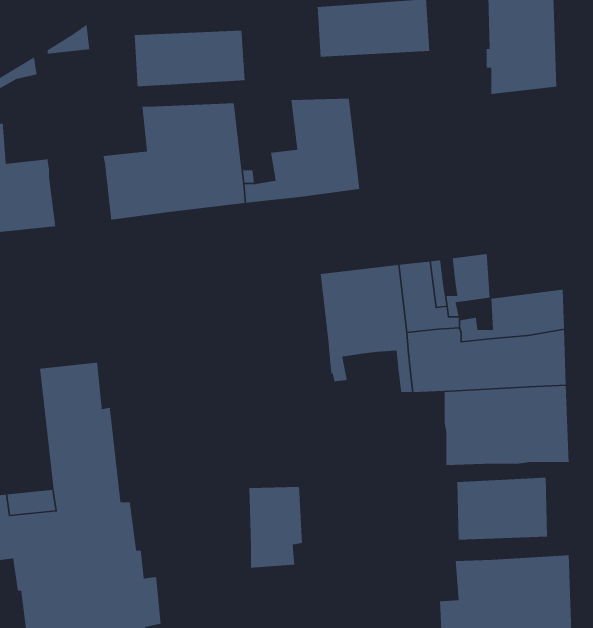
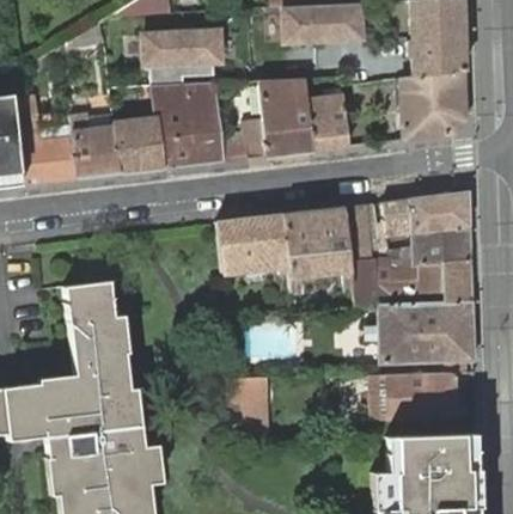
building: none -> [402,71,466,140]
building: none -> [306,94,349,149]
building: none -> [71,114,120,178]
building: none -> [410,192,469,233]
building: none -> [215,214,287,273]

